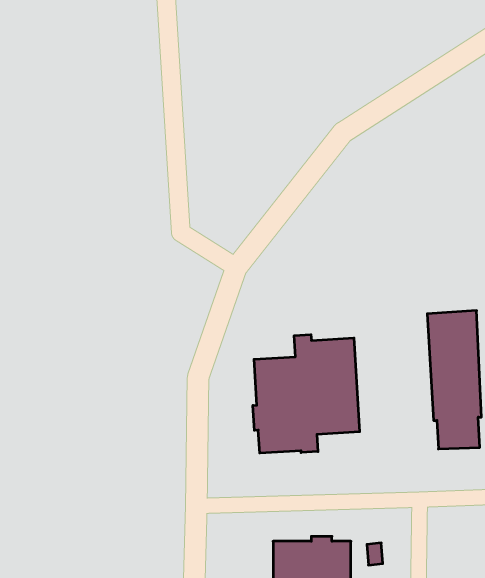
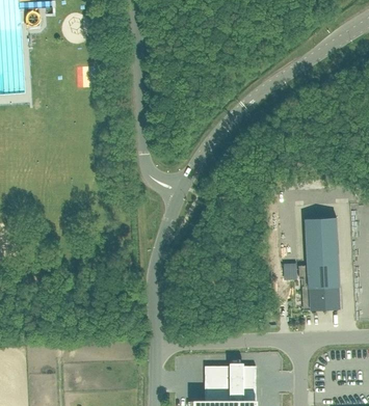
building: [253,335,360,453] -> none

